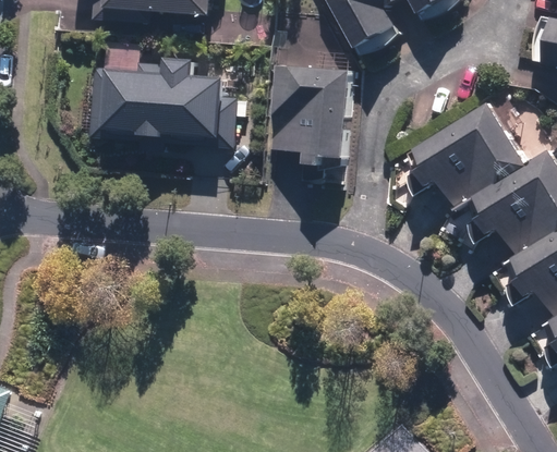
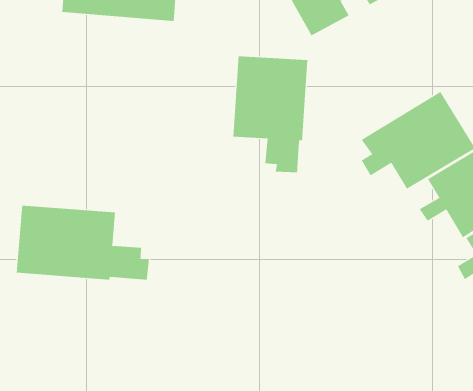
building: [89,56,233,147] -> none
building: none -> [16,205,150,281]

